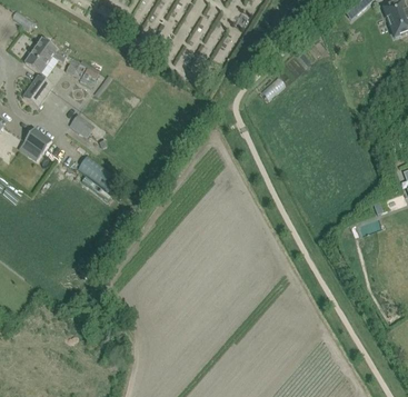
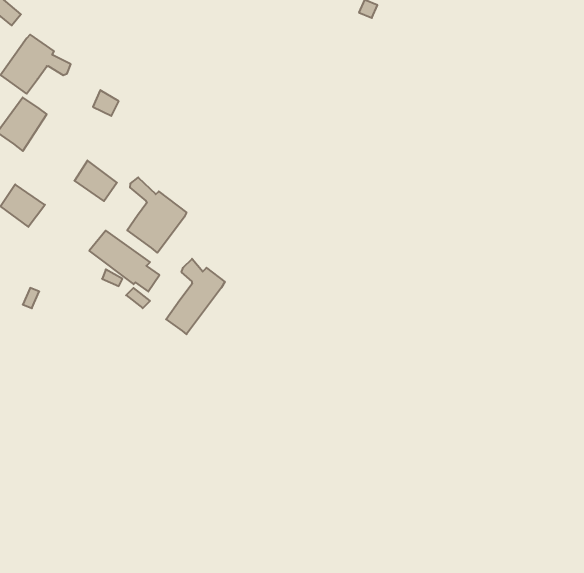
building: none -> [127,177,186,253]
building: none -> [166,259,225,334]

